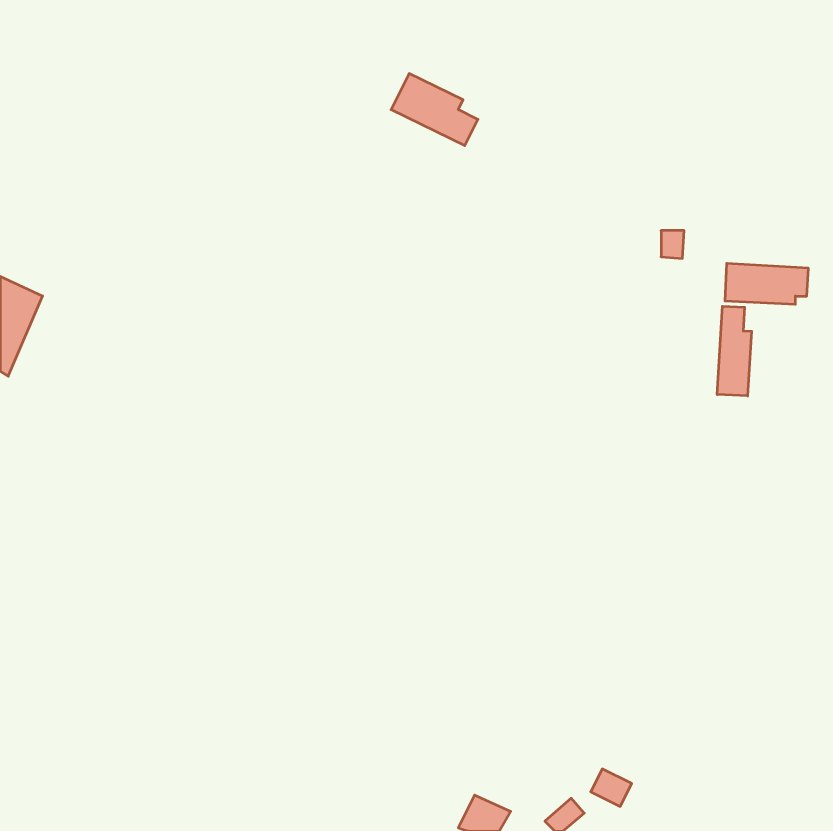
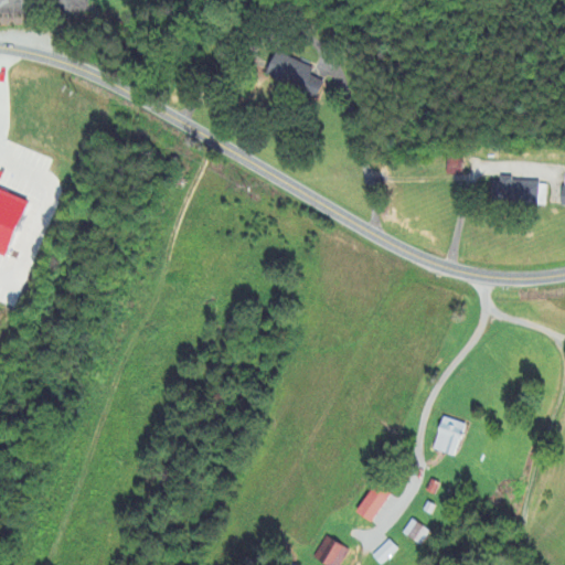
building: [717,306,752,396] -> none
building: none -> [431,415,465,455]
building: none -> [354,482,387,522]

